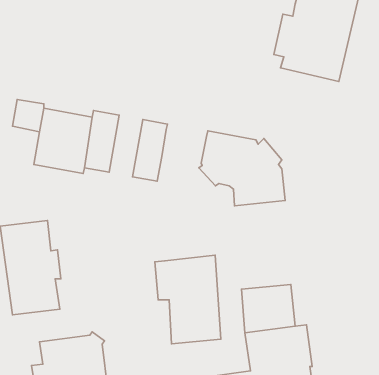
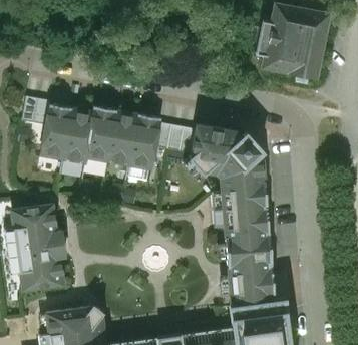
building: none -> [108,109,138,164]
building: none -> [155,122,196,152]
building: [155,255,221,344] -> [212,186,271,265]

